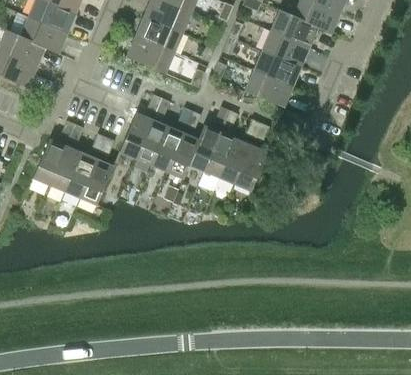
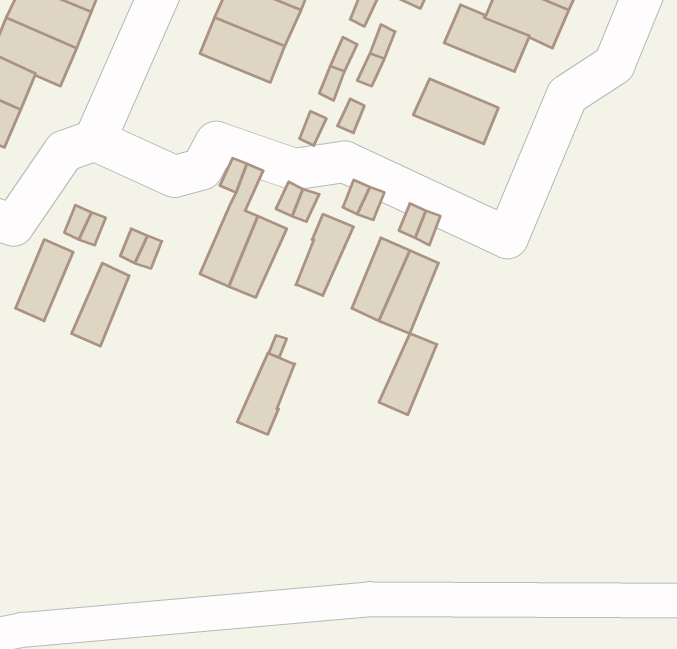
building: [262,30,309,66] -> none
building: [126,36,174,73] -> none
building: [244,70,292,107] -> none
building: [119,112,152,158] -> none
building: [203,132,235,177] -> [379,334,437,415]
building: [166,133,198,178] -> [237,353,295,434]
building: [49,146,81,191] -> none
building: [80,159,113,205] -> none

